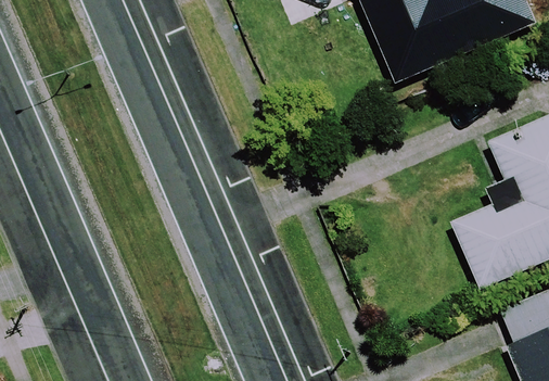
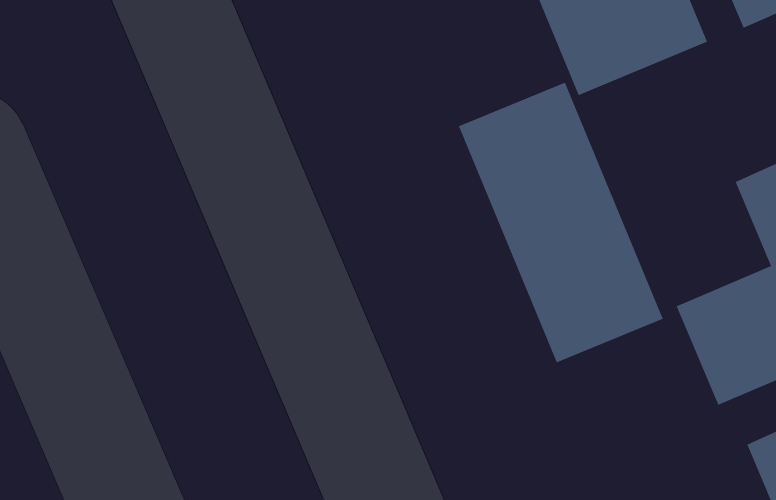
building: none -> [458,82,663,363]

